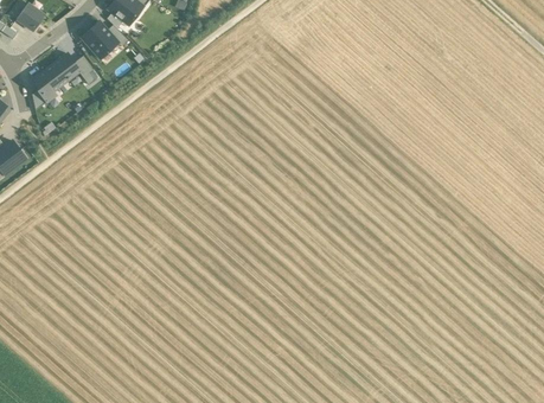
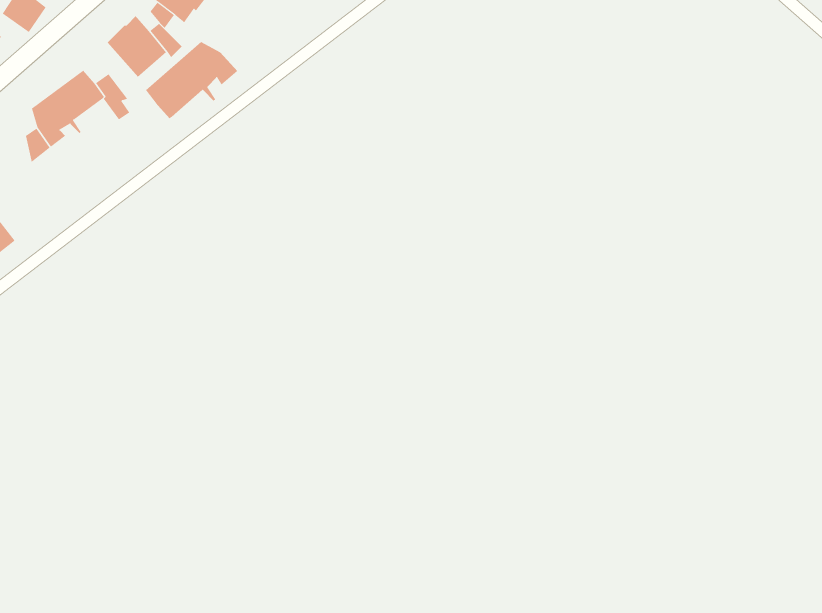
building: none -> [145,41,238,119]

